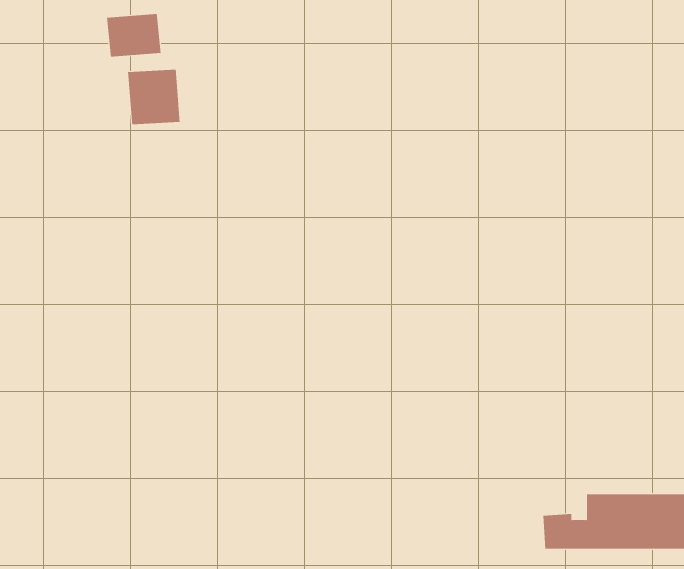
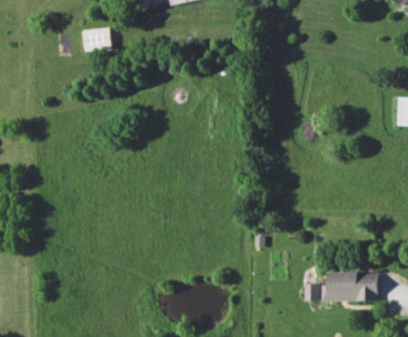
building: [128,69,180,125] -> none

